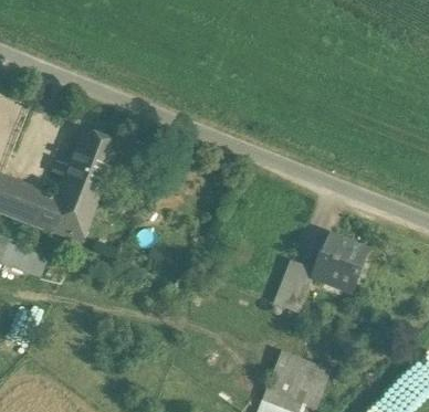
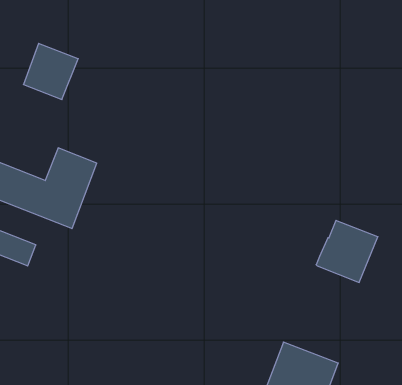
building: [67,128,119,181] -> [23,43,78,100]
building: [274,261,315,313] -> none

